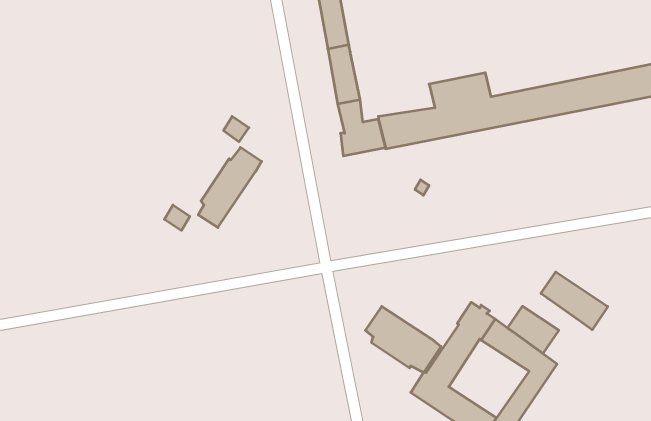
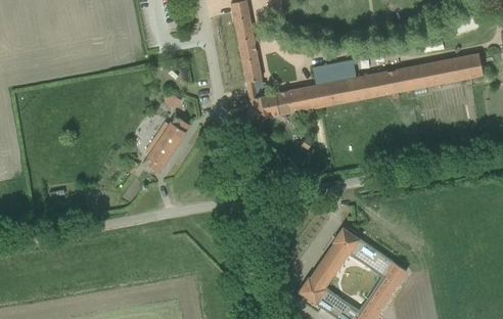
building: [541,272,608,330] -> none
building: [508,306,559,354] -> none
building: [365,306,441,373] -> none

